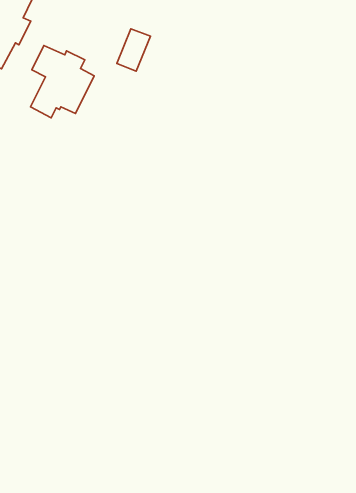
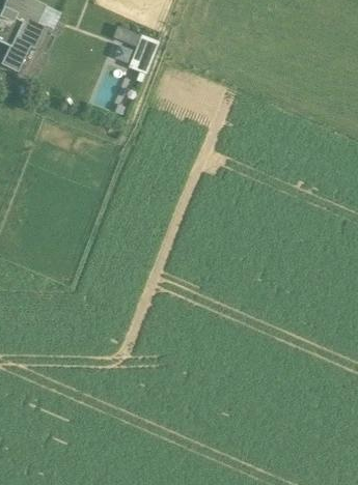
building: [30,46,94,118] -> none

